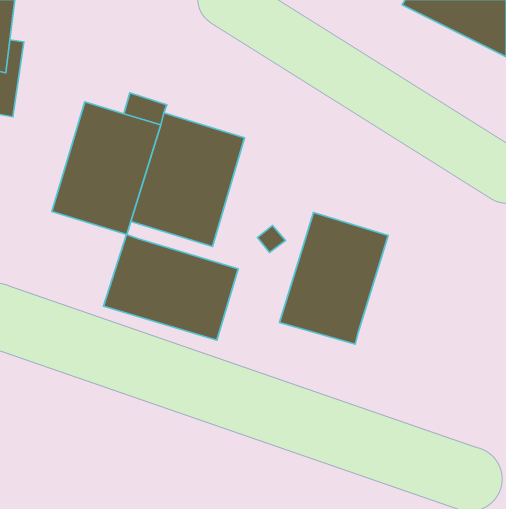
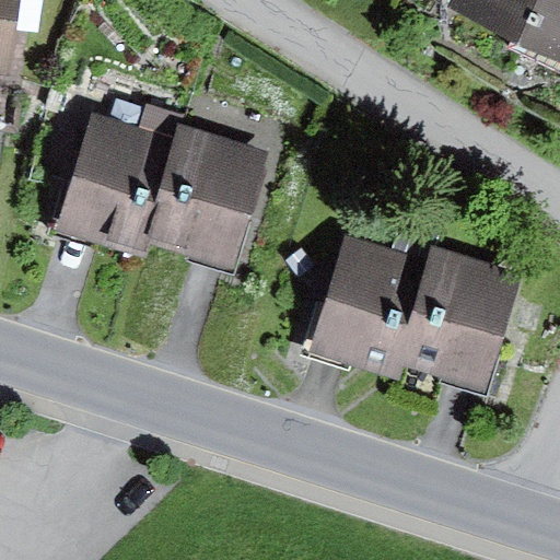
building: none -> [393,245,518,390]
building: [104,235,238,340] -> none

